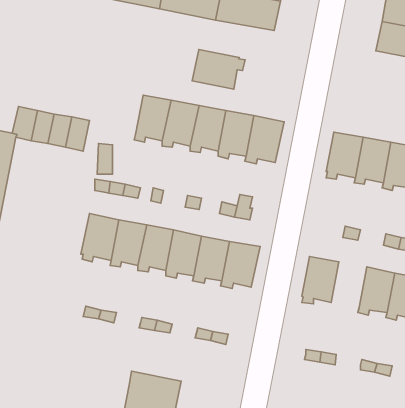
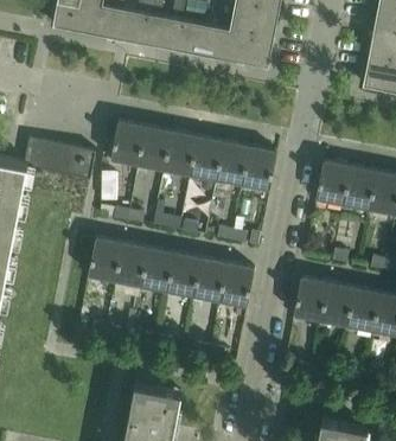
building: [192,50,245,89] -> none
building: none -> [109,121,145,166]
building: none -> [319,282,353,326]

